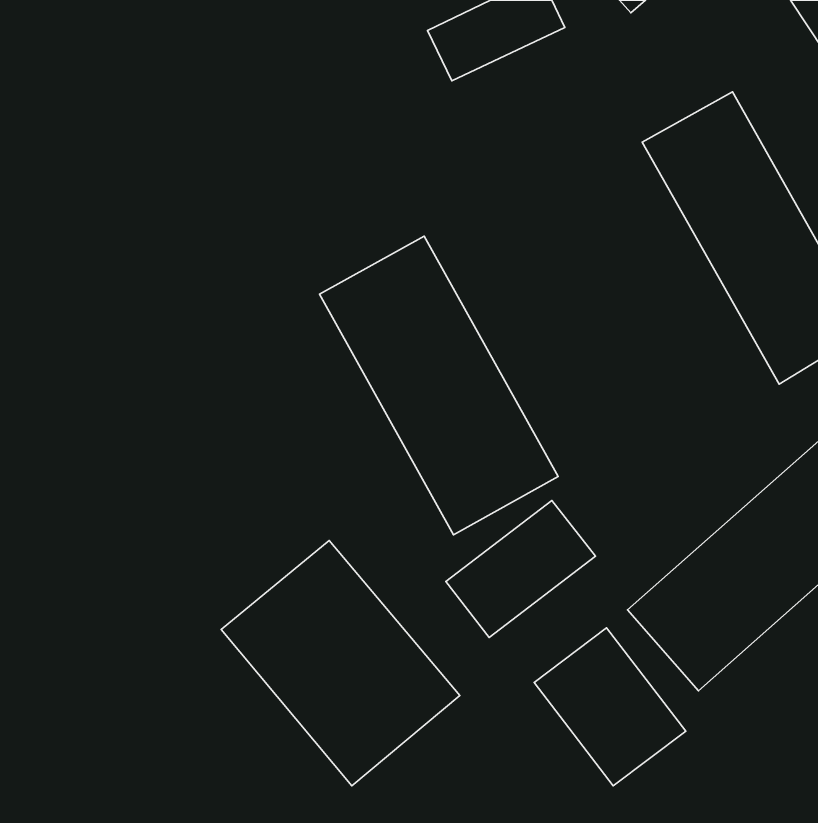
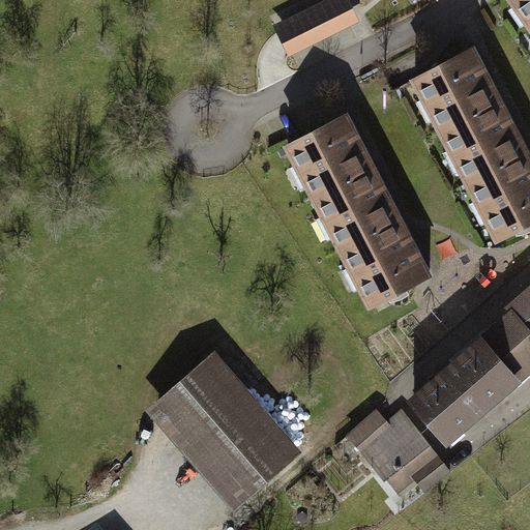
building: [319,236,558,535] -> [289,122,442,314]
building: [446,500,595,638] -> none

